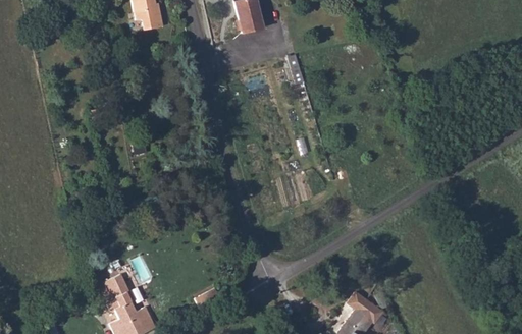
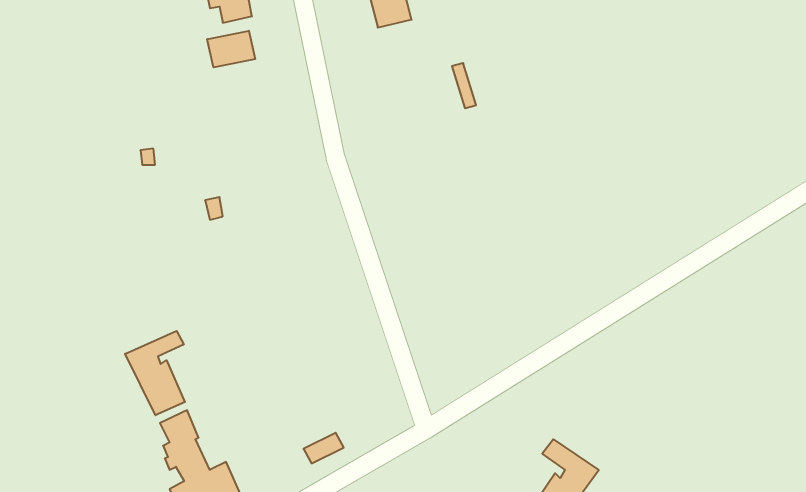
building: none -> [207,31,255,67]
building: none -> [125,331,185,415]

